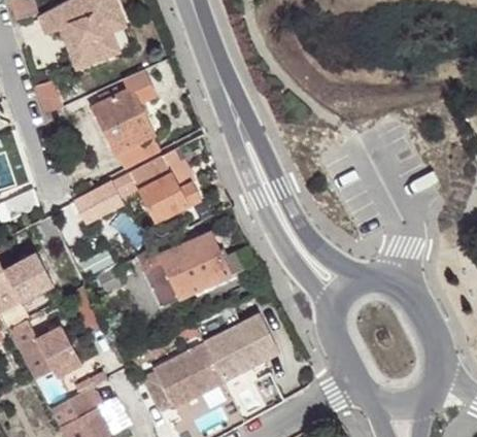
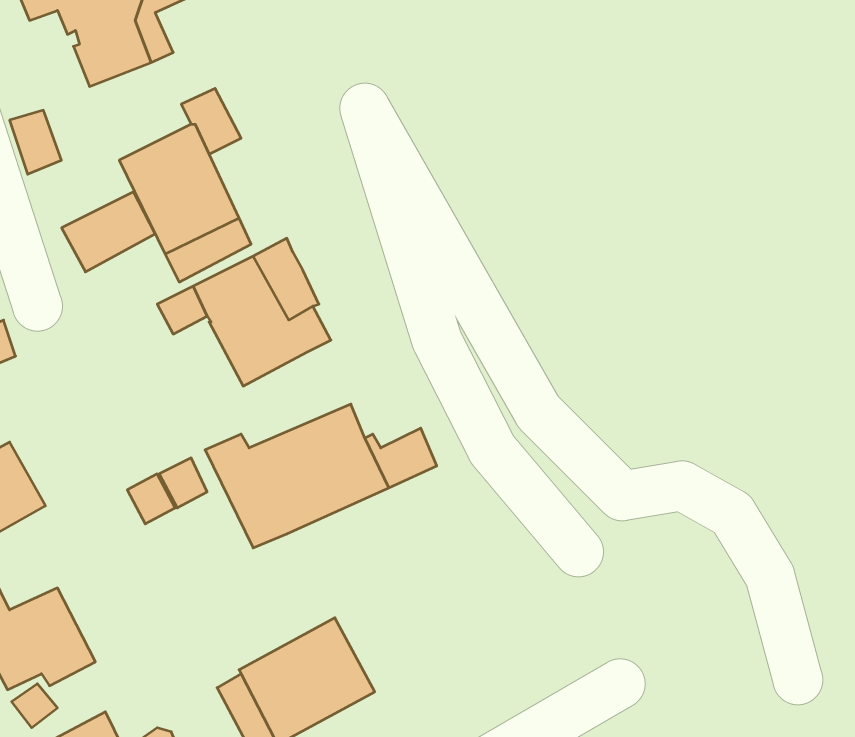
building: [73,182,122,224] -> [62,192,155,272]
building: [203,312,279,380] -> none

